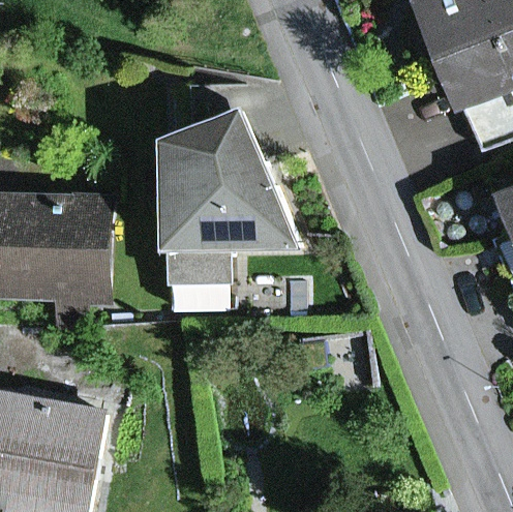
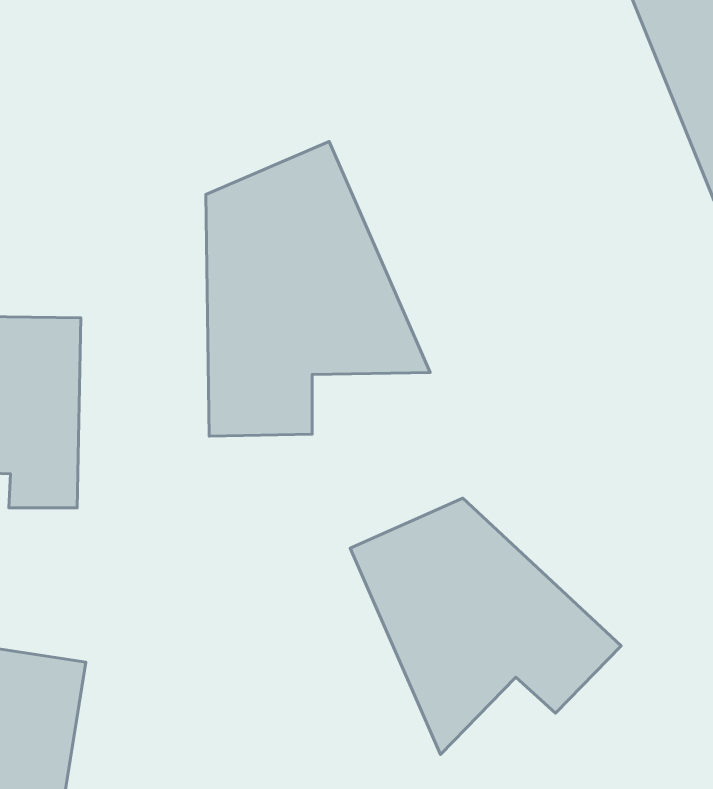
building: none -> [350,498,621,754]

